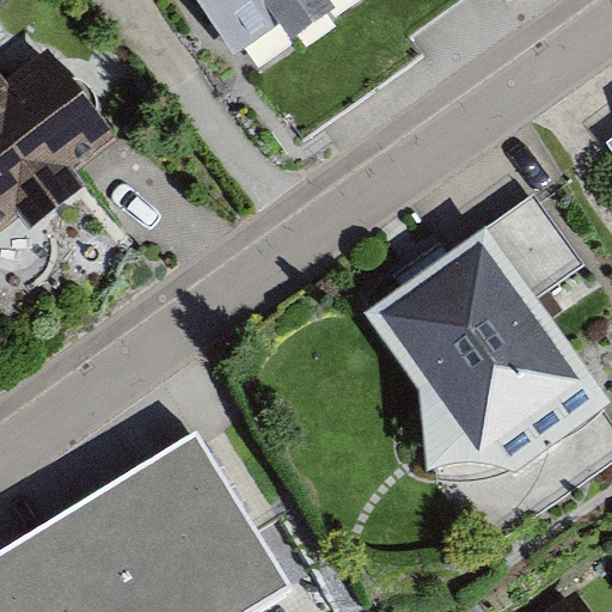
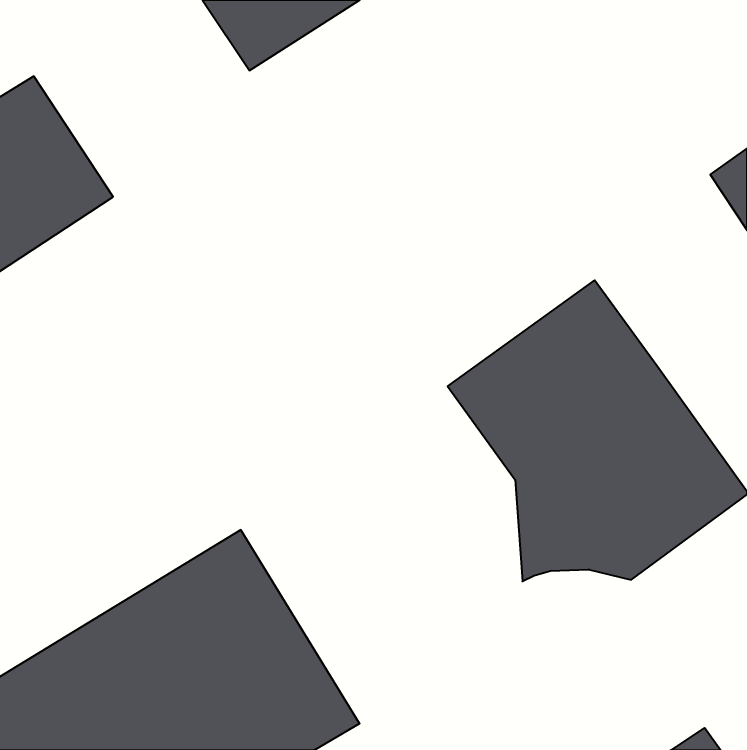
building: [484,194,583,300] -> none

